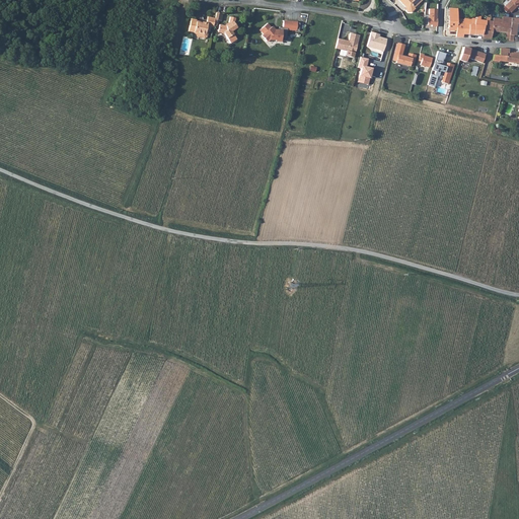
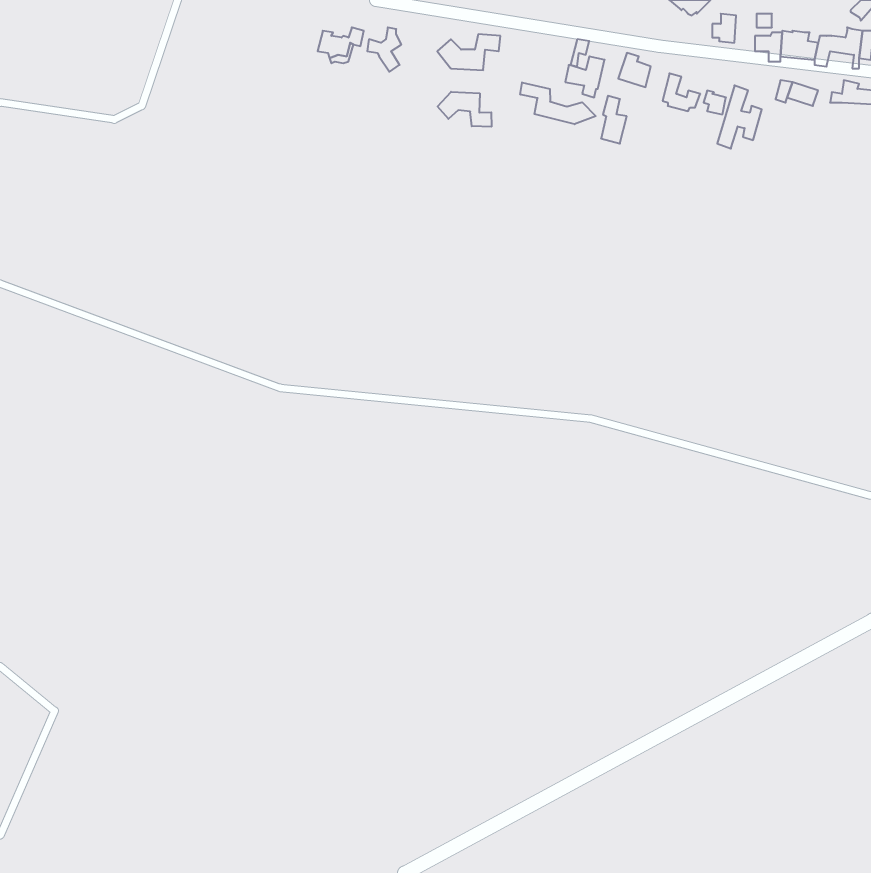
building: none -> [520,82,596,124]
building: none -> [438,92,491,127]

